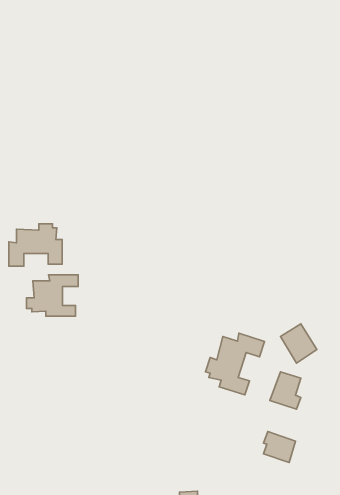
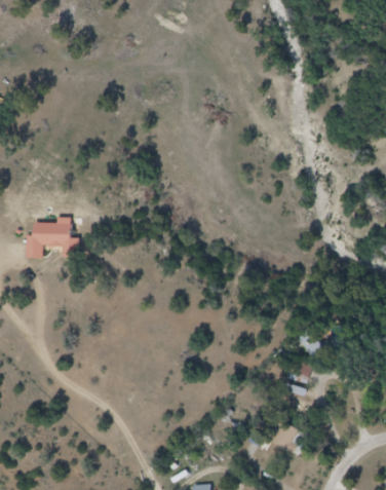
building: [27,275,78,316] -> none
building: [206,333,264,395] -> none

